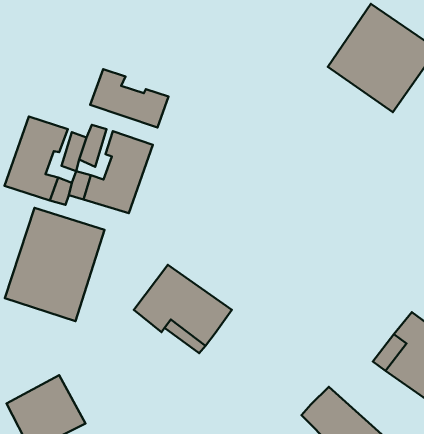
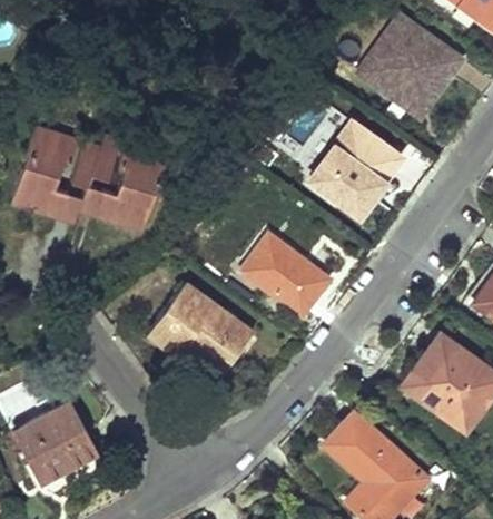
building: [90,69,168,127] -> none
building: none -> [310,123,400,215]
building: [5,208,104,321] -> none
building: none -> [241,235,328,314]

